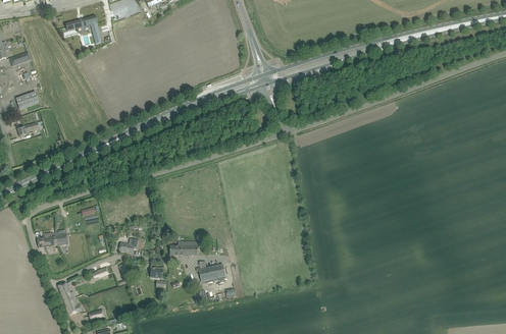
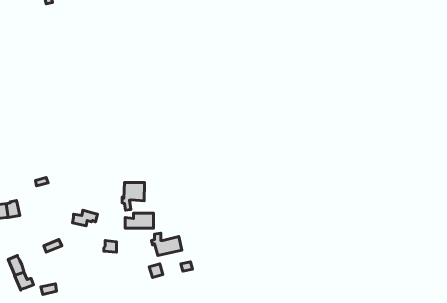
building: none -> [122,182,144,210]

